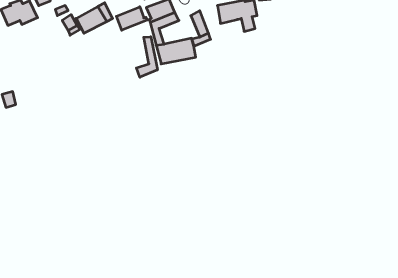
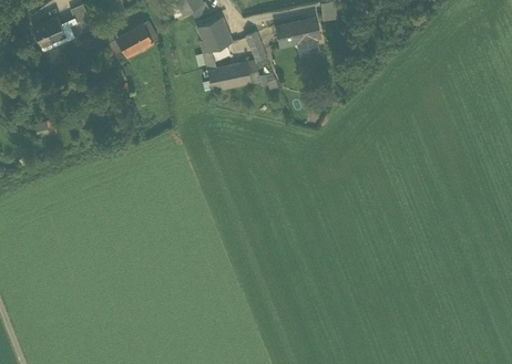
building: [116,7,147,30] -> none
building: [136,37,157,77] -> none

